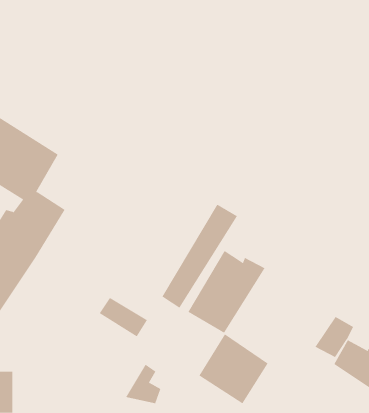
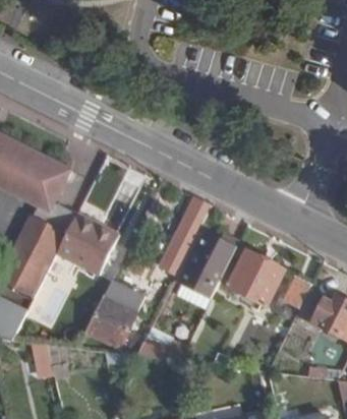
building: none -> [58,214,119,275]
building: none -> [85,296,138,348]
building: [199,333,269,404] -> [228,253,282,307]

